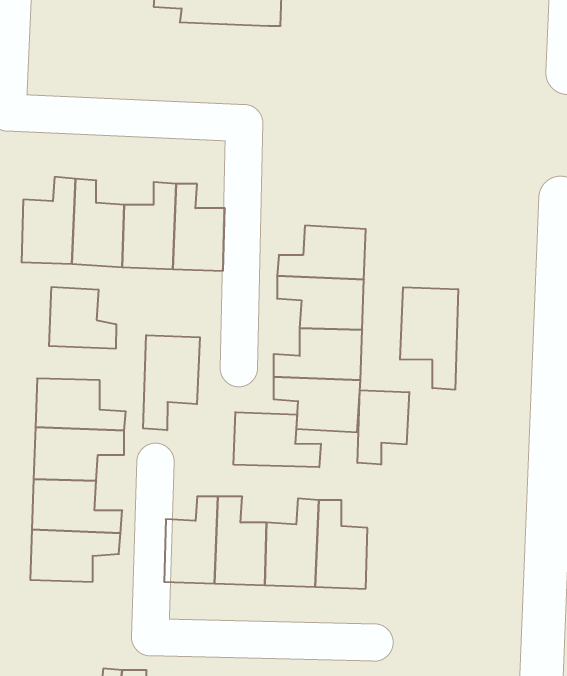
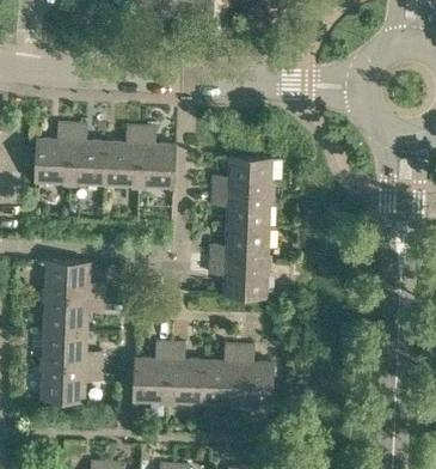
building: [49,287,116,349] -> none
building: [400,287,458,390] -> none
building: [143,335,200,430] -> none
building: [357,390,409,465] -> none
building: [234,412,321,467] -> none

